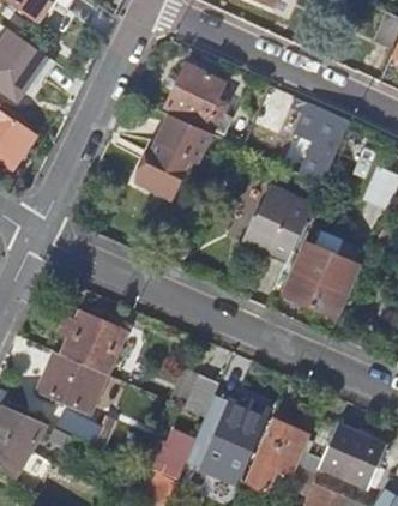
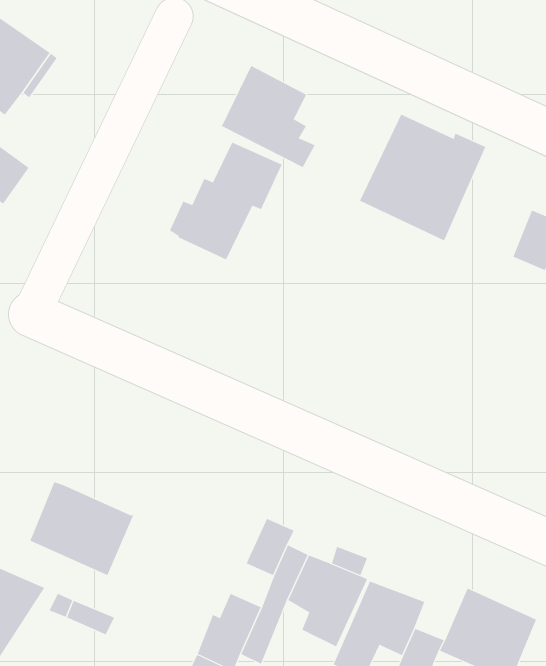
building: [243,185,312,259] -> none
building: [282,246,356,319] -> none
building: [60,311,125,373] -> none

